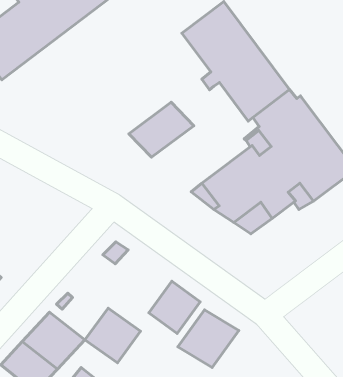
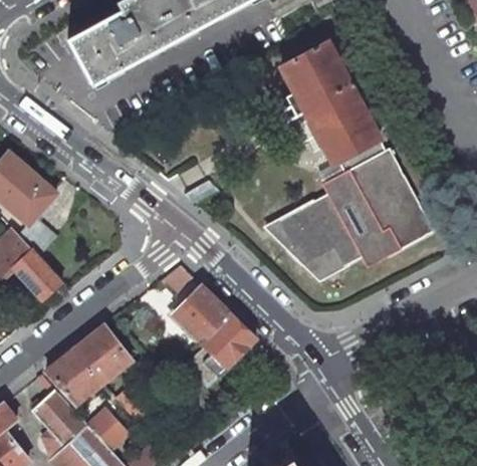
building: [129,102,194,157] -> none
building: [85,308,141,363] -> [174,285,231,341]
building: [178,310,239,367] -> none

